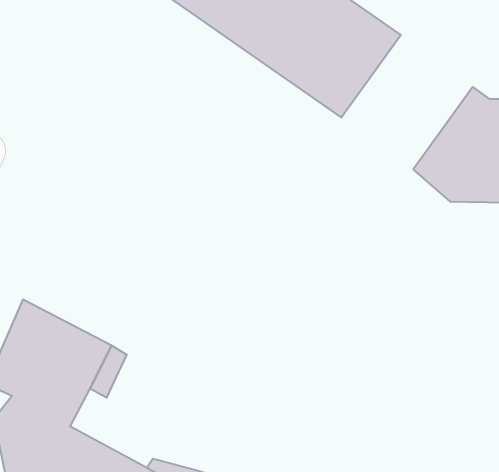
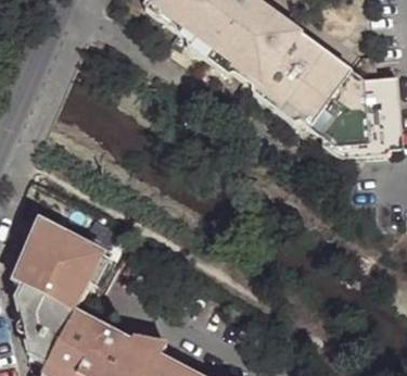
building: none -> [264,28,357,124]

